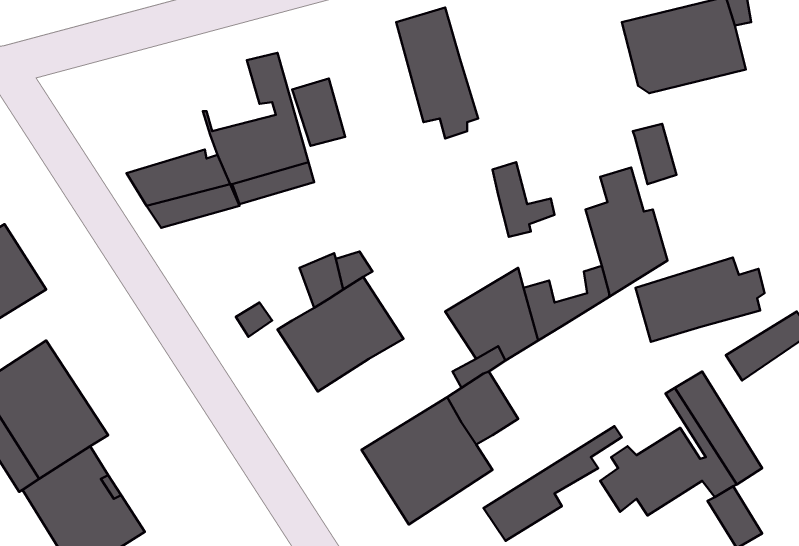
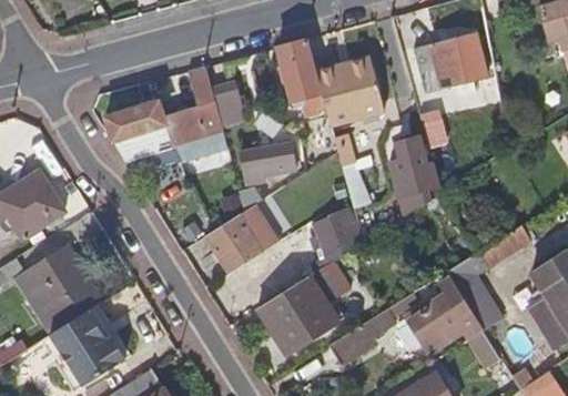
building: none -> [315,65,385,126]
building: none -> [105,102,168,140]
building: none -> [241,144,295,184]
building: [636,257,765,342] -> none

